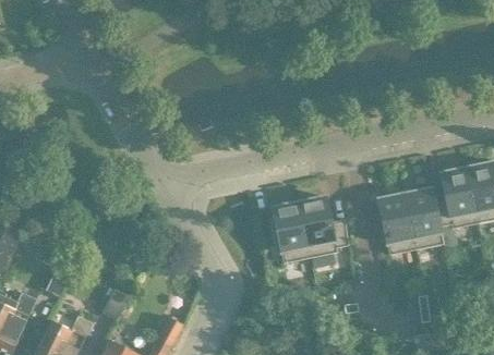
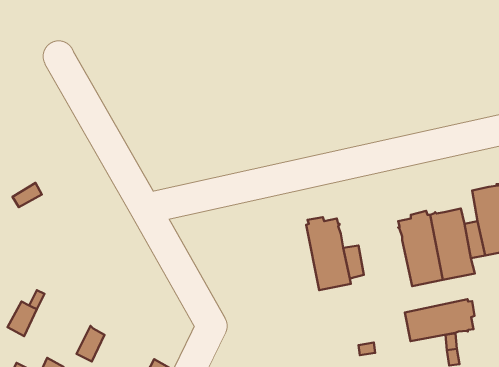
building: [273,200,311,262] -> none
building: none -> [405,299,475,341]

